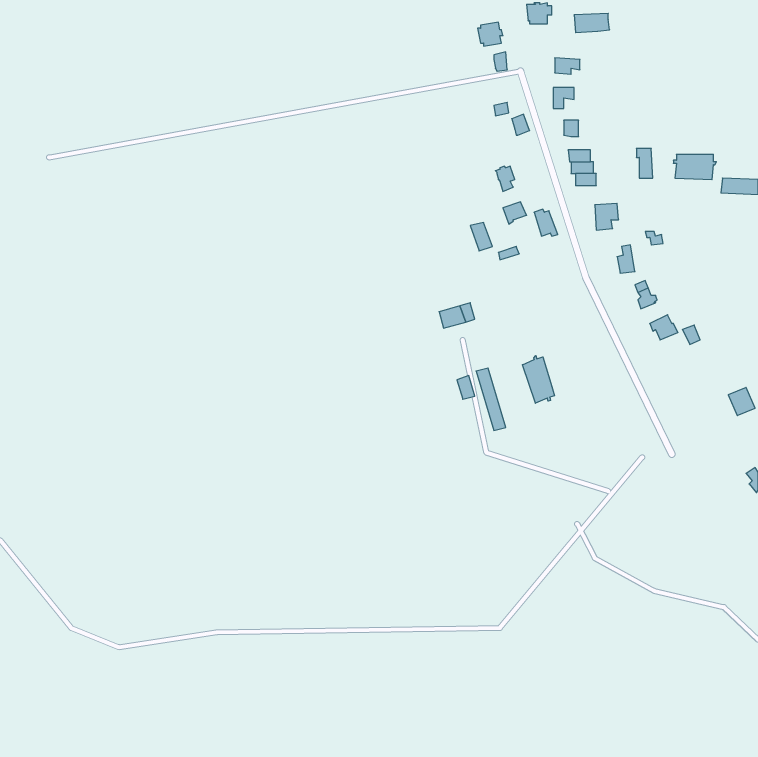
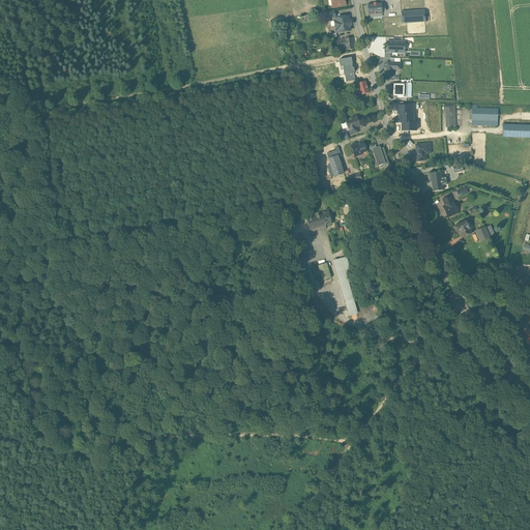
building: [522,356,555,403] -> none

